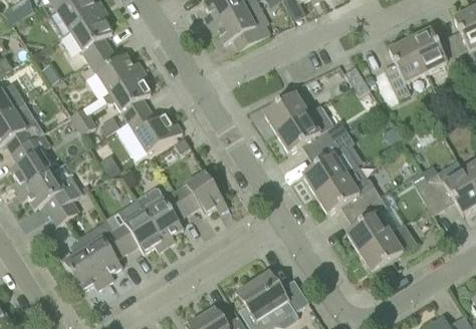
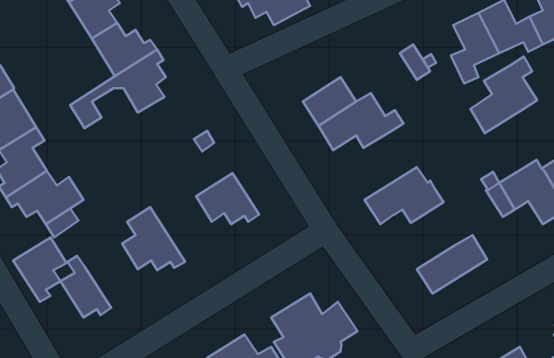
building: [127,108,181,152] -> none
building: [302,130,358,194] -> [470,57,537,133]
building: [137,187,188,245] -> none
building: [345,196,390,251] -> none
building: [82,230,127,283] -> [13,238,66,302]

